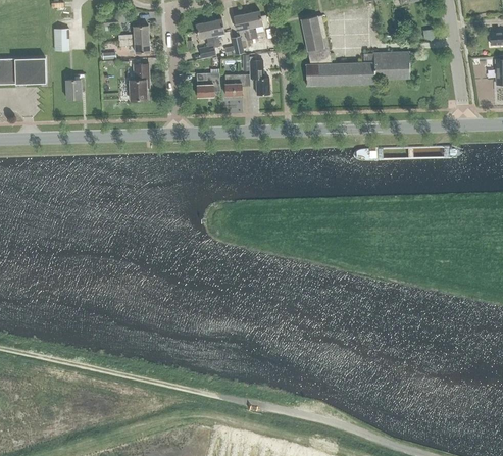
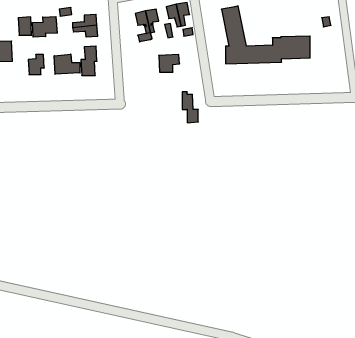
building: none -> [33,17,57,37]
building: [249,56,268,94] -> [182,92,198,123]
building: [196,72,218,97] -> none
building: none -> [54,54,80,74]

